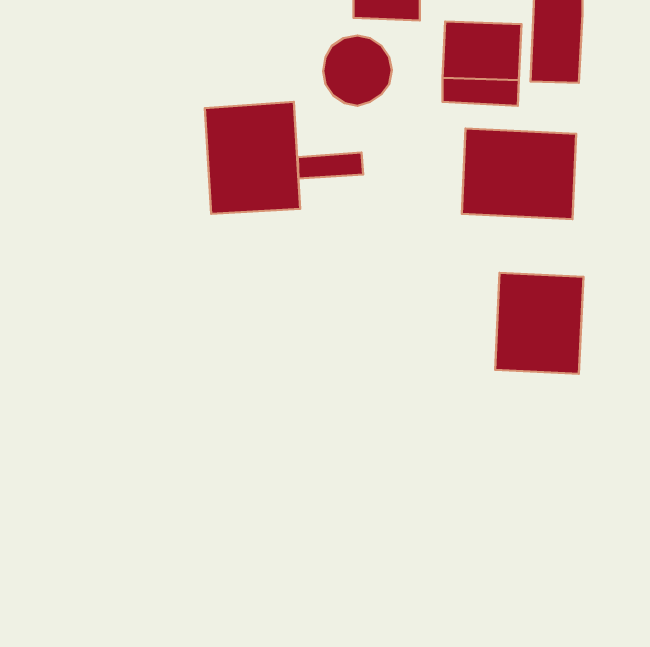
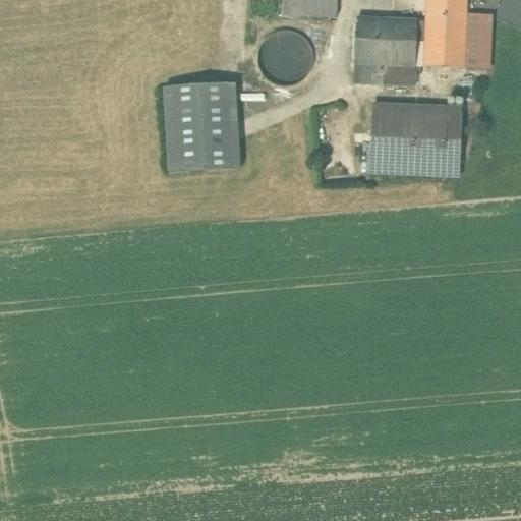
building: none -> [463,11,490,67]
building: [298,152,363,178] -> none
building: [495,273,583,374] -> none

